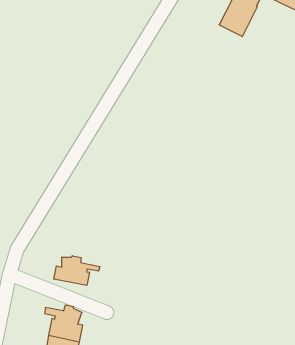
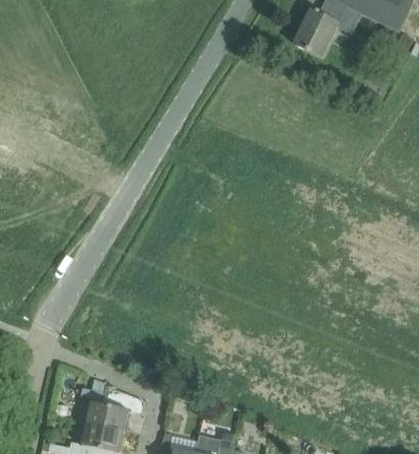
building: [54,256,100,285] -> none

